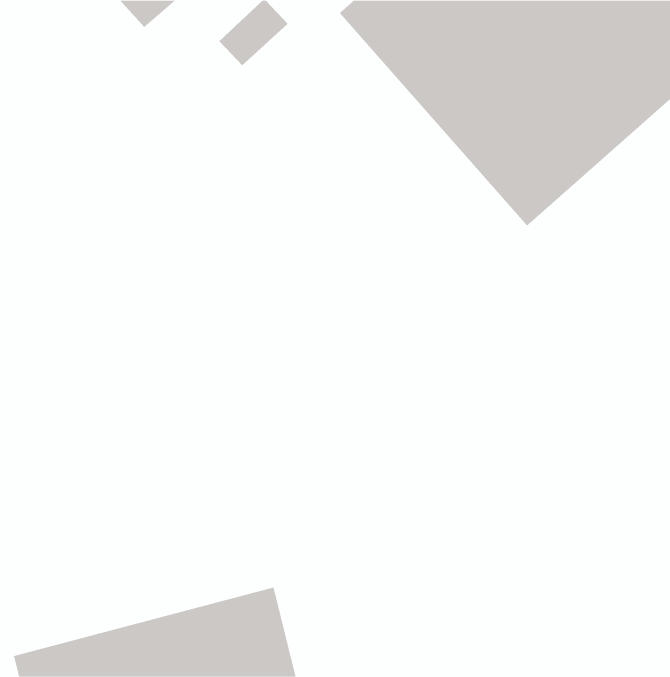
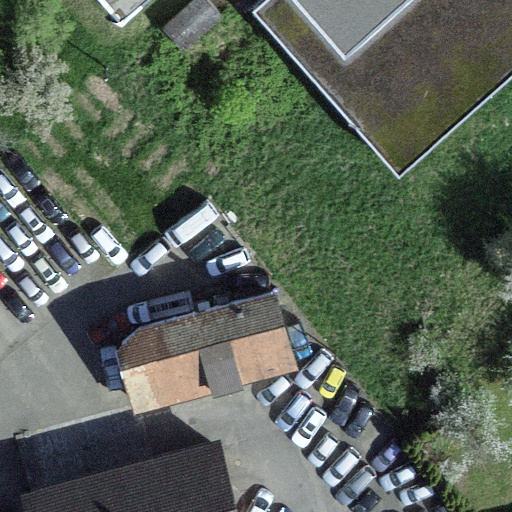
building: none -> [117,292,290,414]

